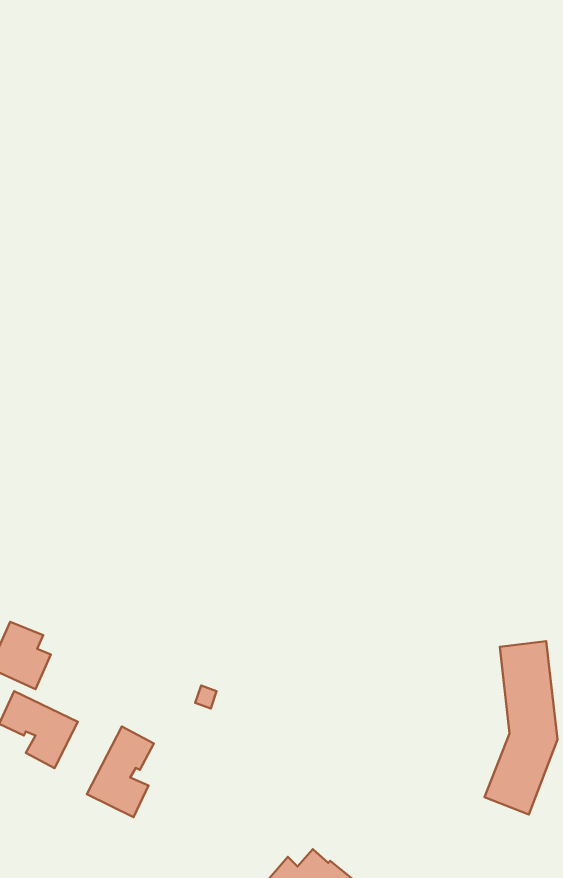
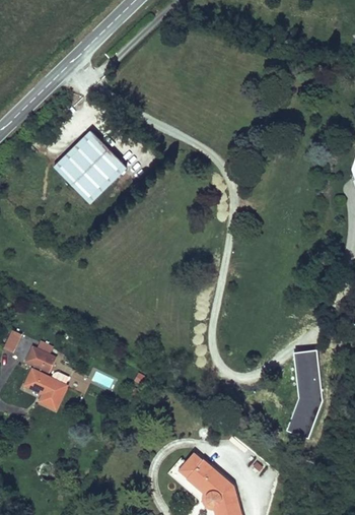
building: none -> [54,130,123,200]
building: [87,727,154,817] -> none

